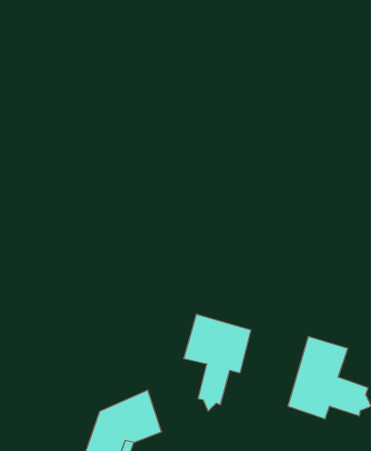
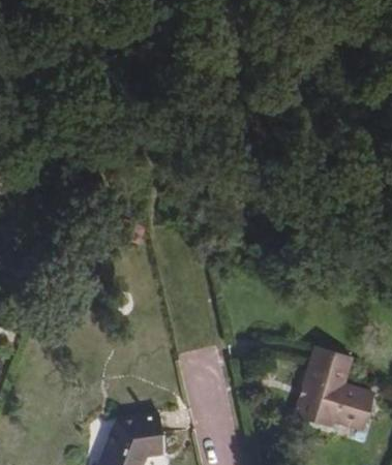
building: [184,314,251,411] -> none

